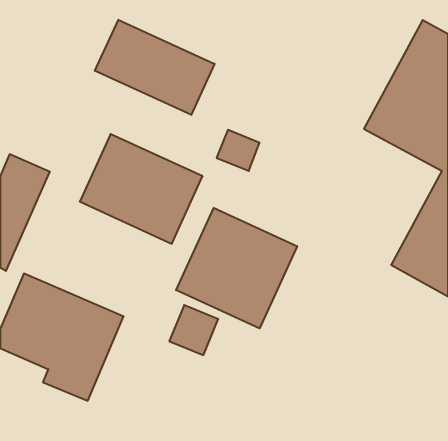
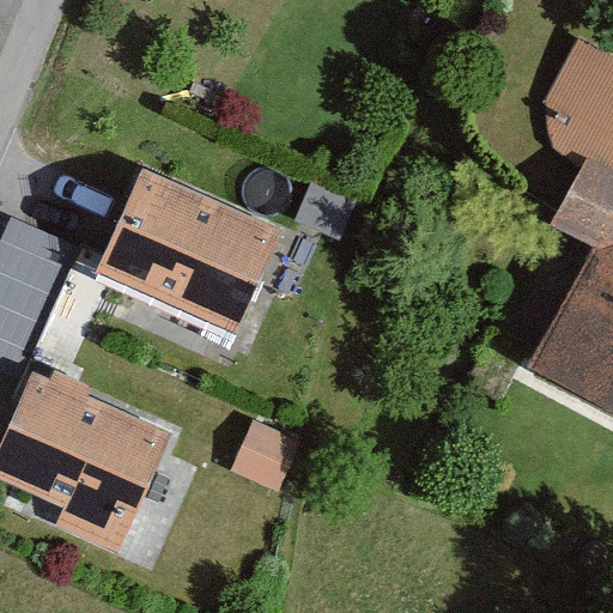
building: [95,20,215,115] -> none
building: [176,208,297,328] -> none

